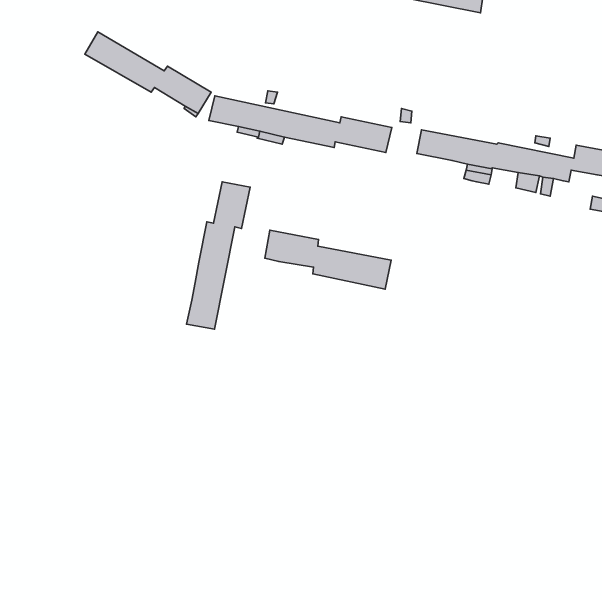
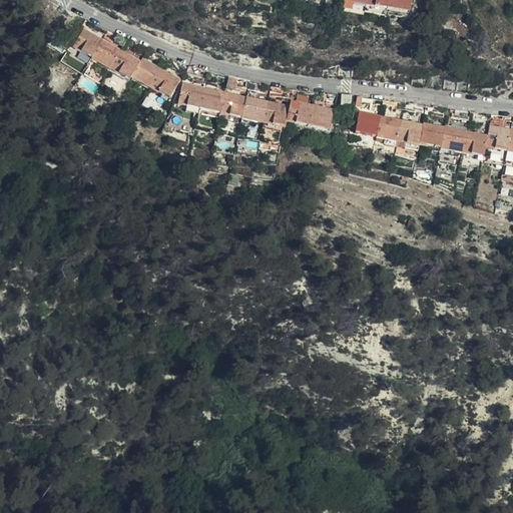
building: [187,182,250,329] -> none
building: [265,230,391,289] -> none

